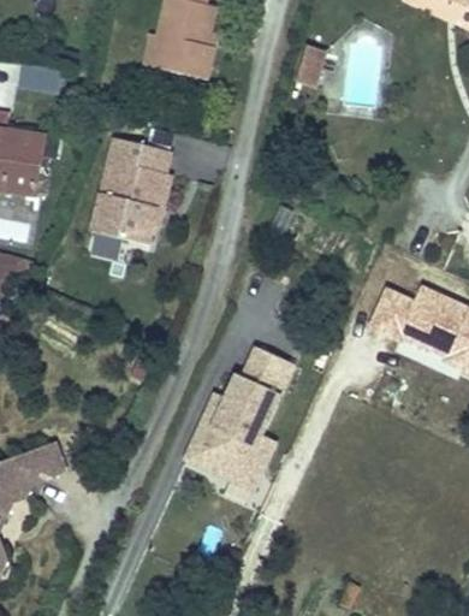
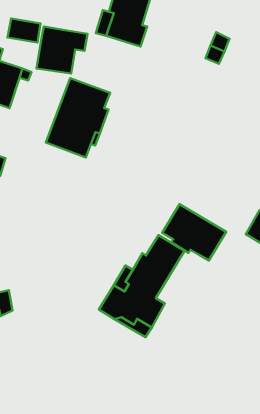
building: none -> [36,26,87,74]
building: none -> [162,204,226,261]

